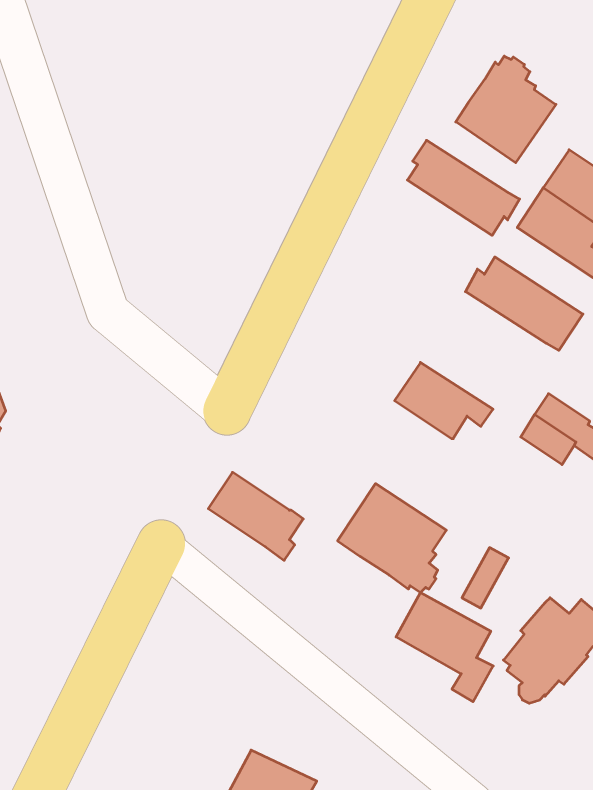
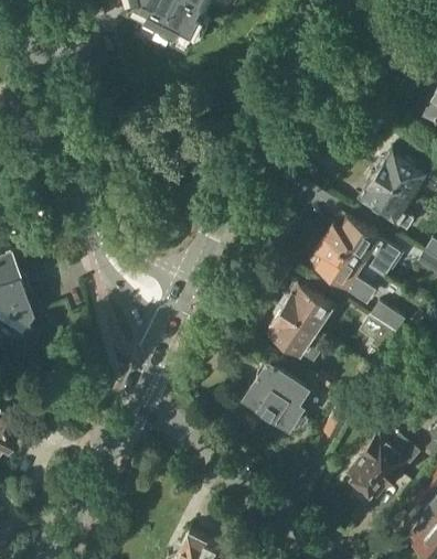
building: [456,56,556,163] -> none
building: [407,140,520,235] -> [312,239,384,300]
building: [208,472,303,560] -> [264,309,324,365]
building: [396,593,493,702] -> none

